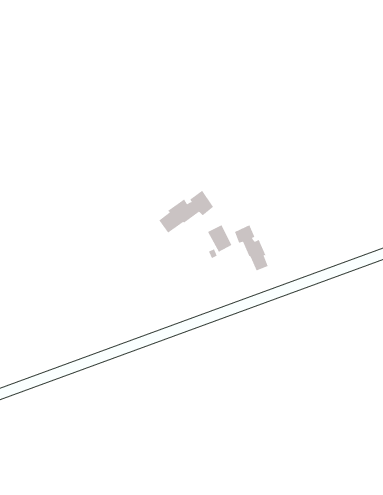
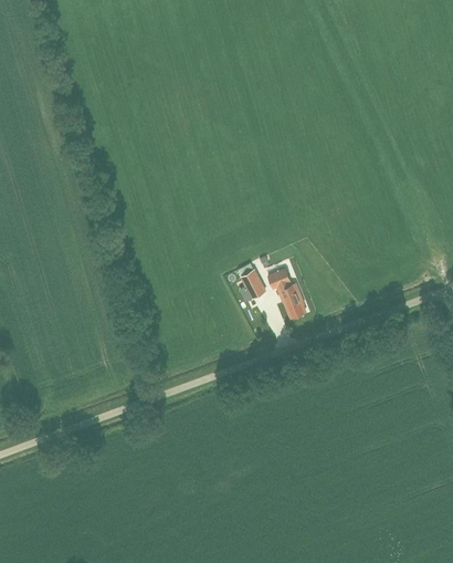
building: [159,190,214,234] -> none

